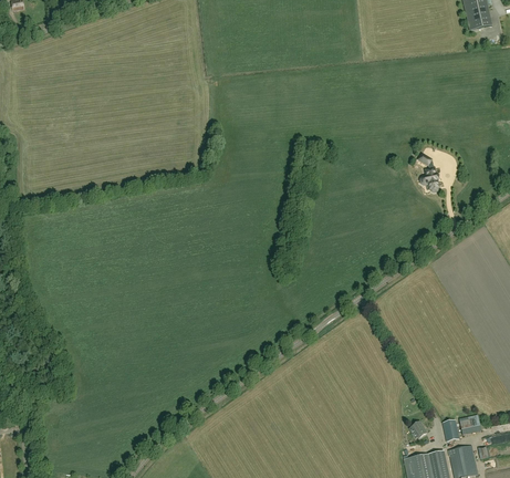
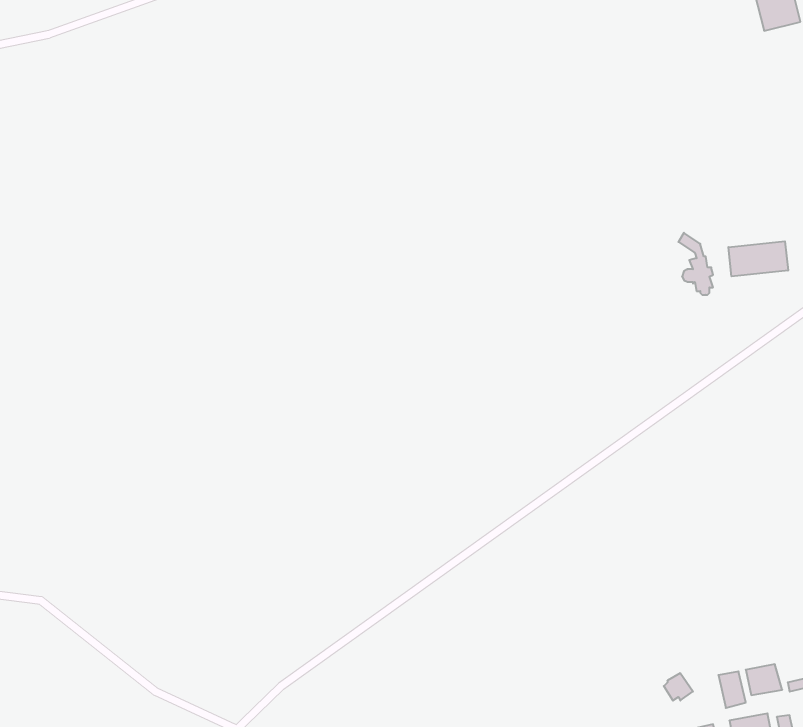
building: none -> [728,241,788,276]

